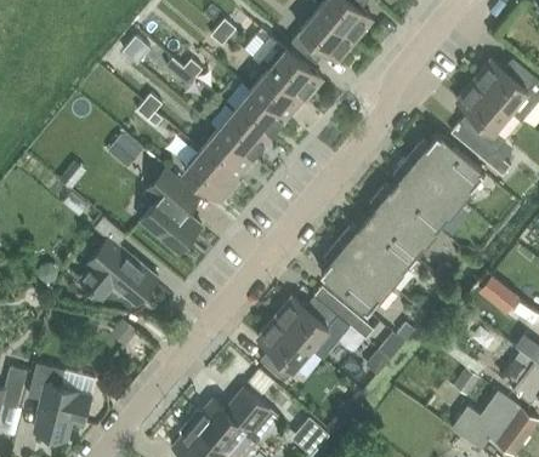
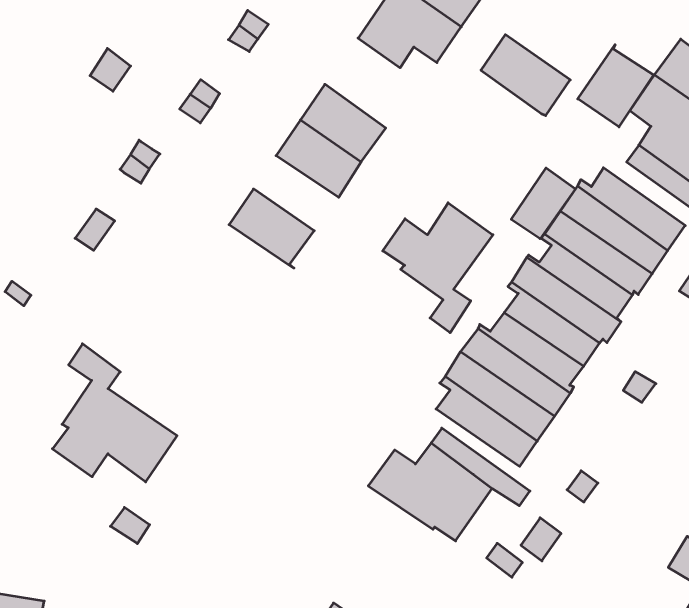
building: [268,50,323,102] -> [481,35,570,116]
building: none -> [578,45,653,127]
building: [219,112,271,160] -> none
building: none -> [511,168,575,239]
building: none -> [383,203,493,333]
building: [183,152,239,204] -> none
building: [141,168,202,253] -> none
building: [256,320,311,383] -> none

